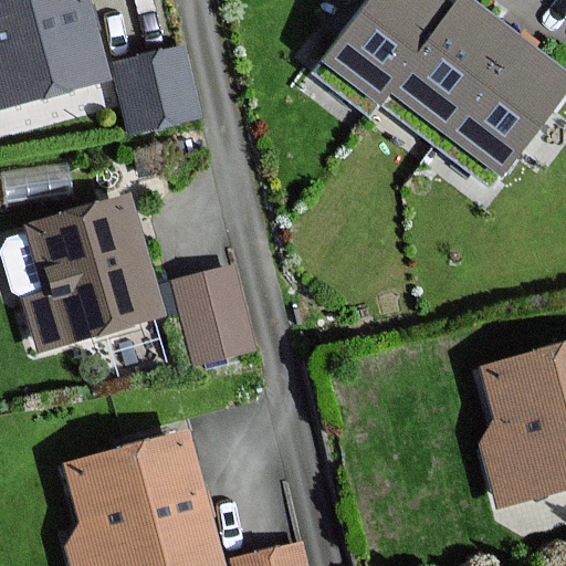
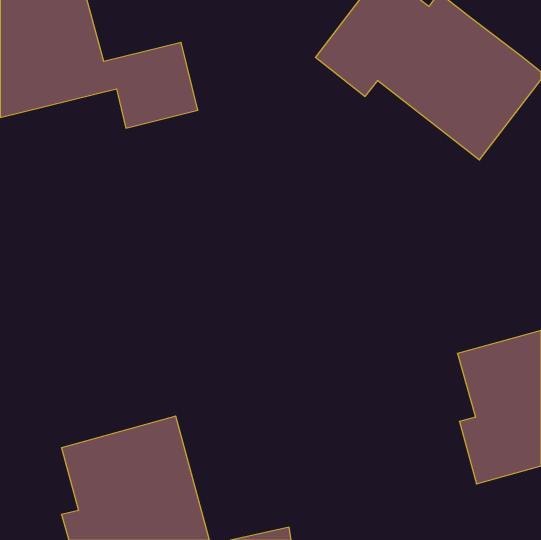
building: [22,197,161,353] -> none
building: [172,266,252,364] -> none

